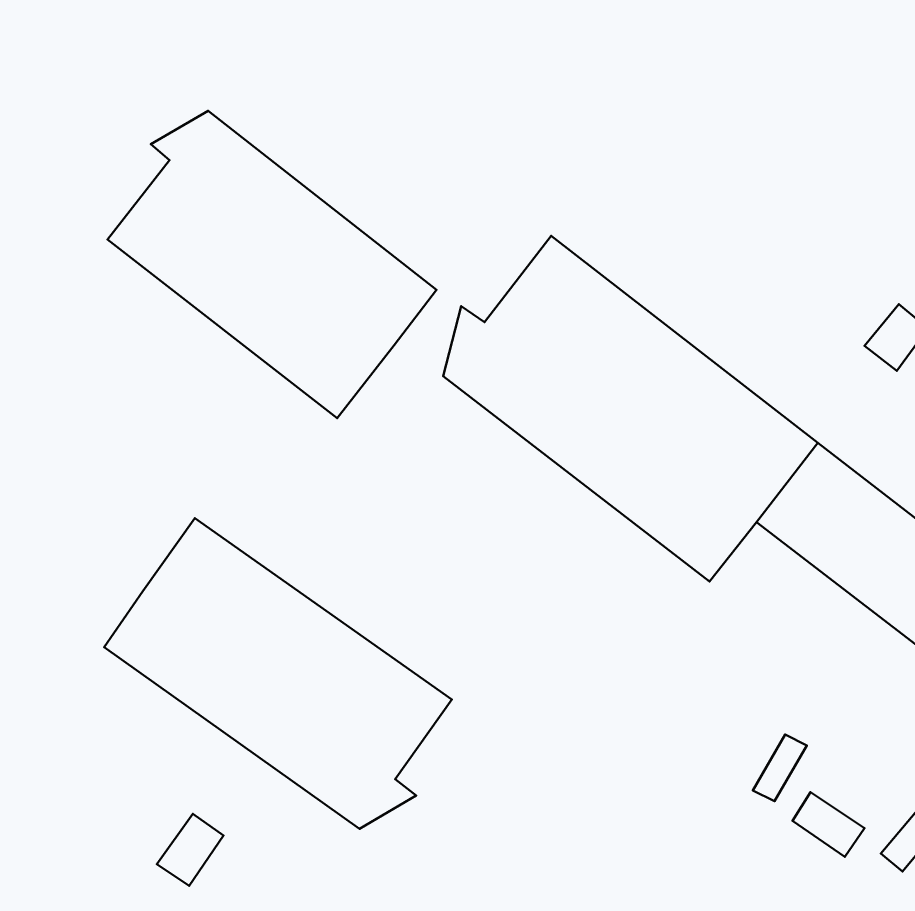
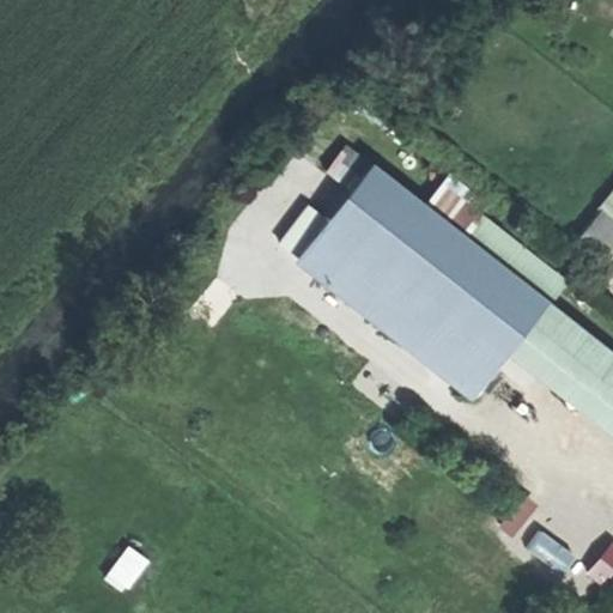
building: [107,111,436,418] -> none
building: [104,518,452,829] -> none

